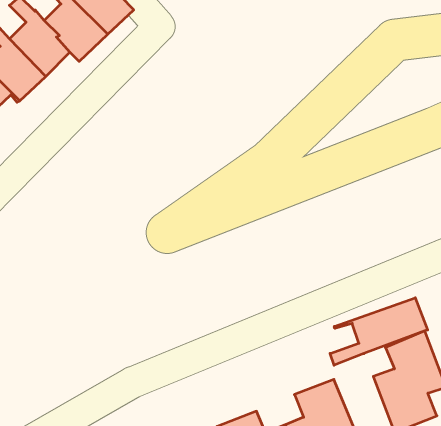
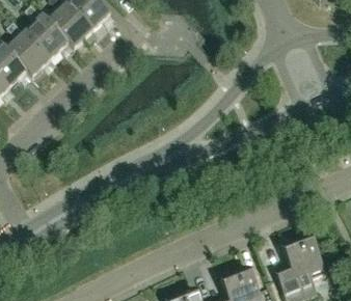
building: [330,298,428,365] -> none

